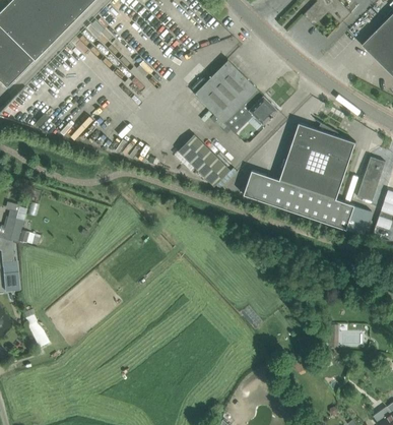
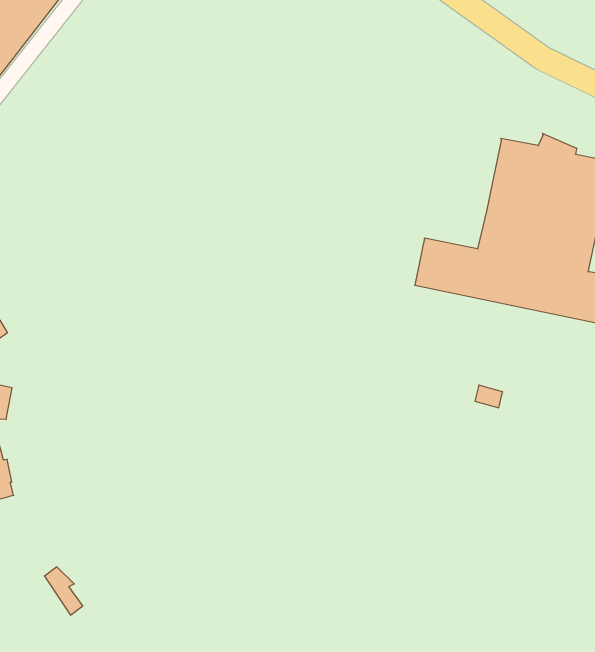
building: [195,60,278,135] -> none
building: [179,135,232,188] -> none

